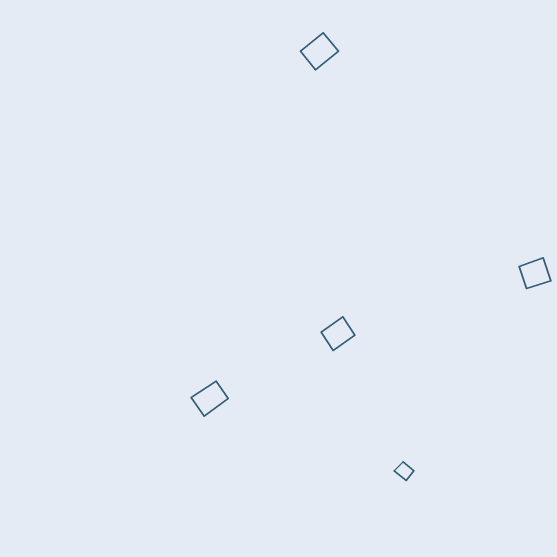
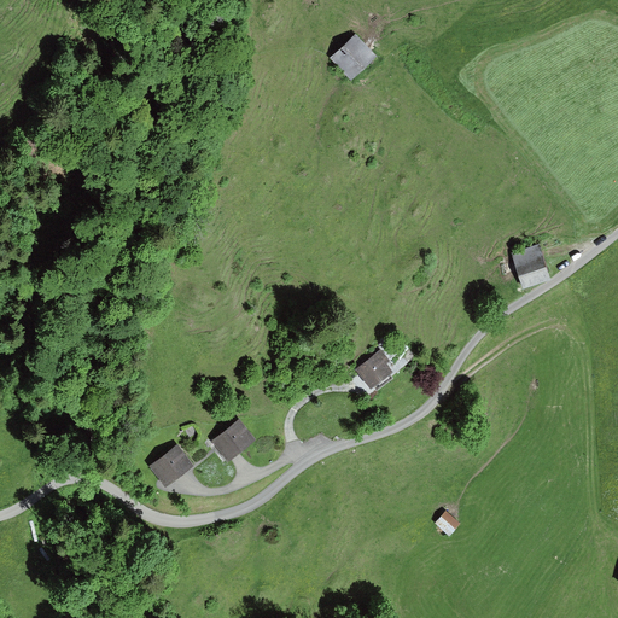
building: [519,258,551,288] -> [515,247,550,281]
building: none -> [150,445,191,485]

